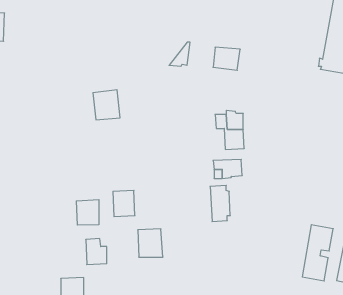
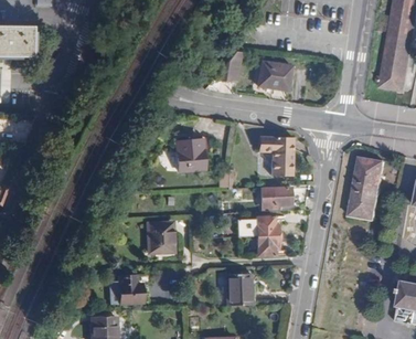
building: [93,90,120,120] -> [173,140,203,173]
building: [76,200,99,225] -> none
building: [302,225,333,281] -> [348,158,382,220]
building: [138,229,163,257] -> [225,274,253,305]

